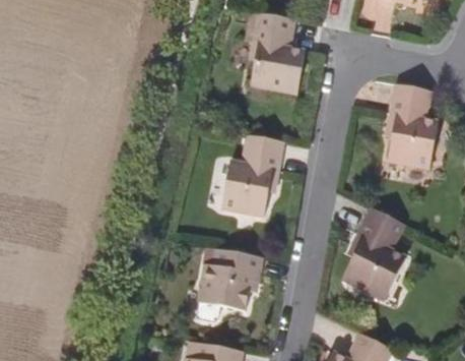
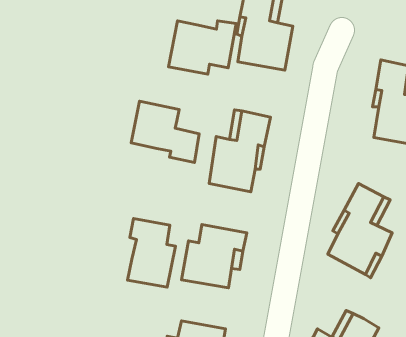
building: none -> [168,21,236,74]
building: none -> [131,101,199,162]
building: none -> [127,219,175,287]

